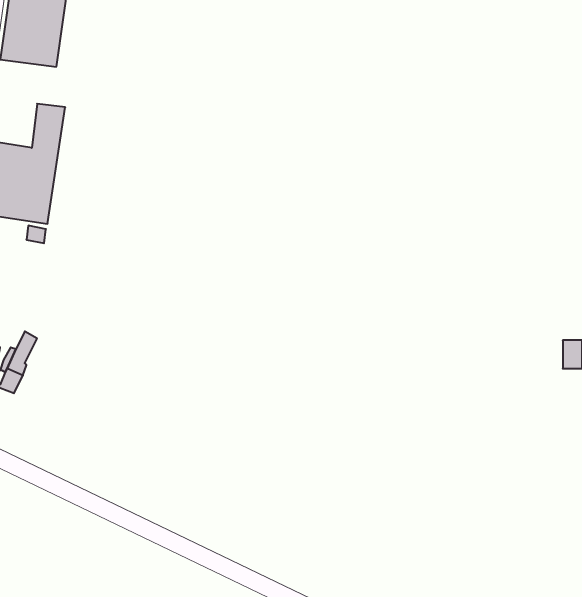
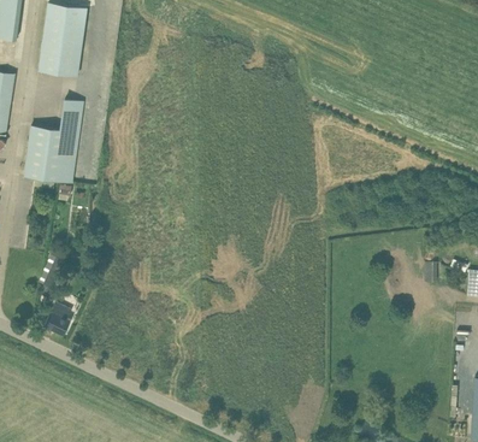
building: none -> [43,302,70,336]

